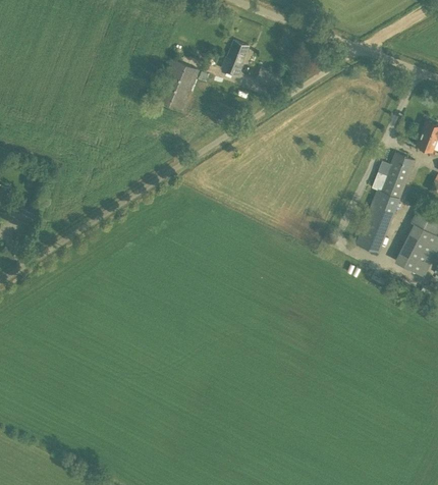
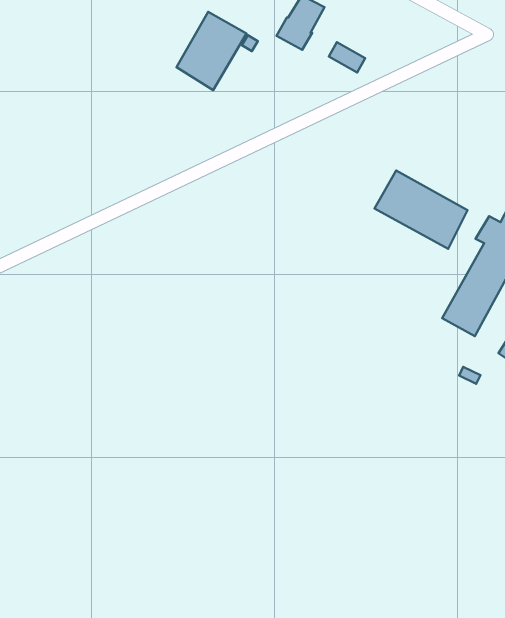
building: none -> [374,170,467,249]

